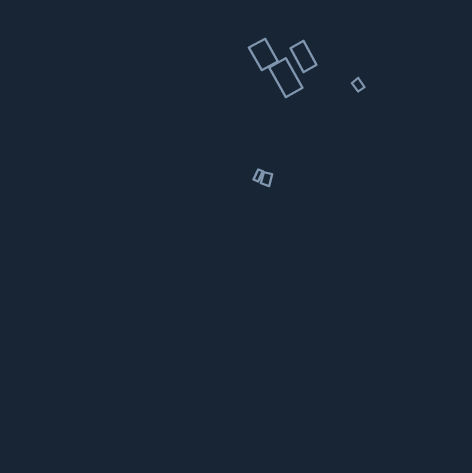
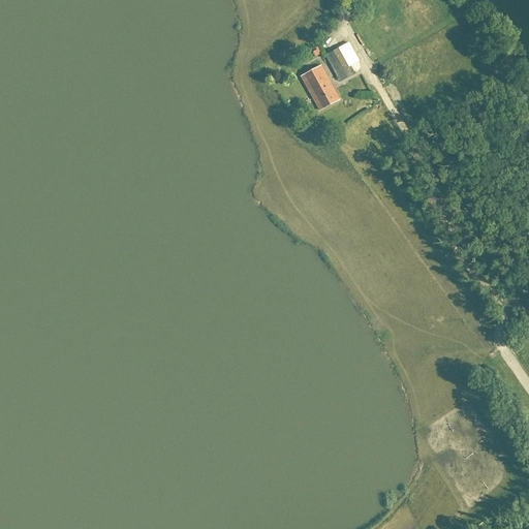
building: [249,39,278,70] -> none

